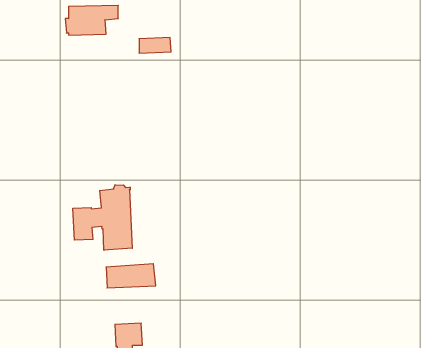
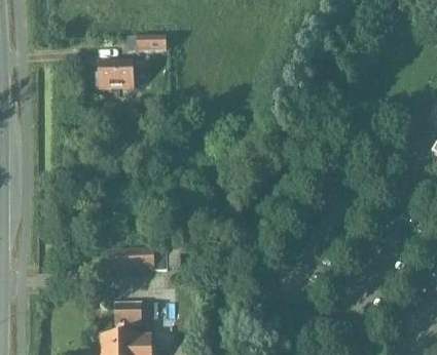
building: [65,5,118,35] -> [96,60,145,87]
building: [73,185,132,250] -> none

